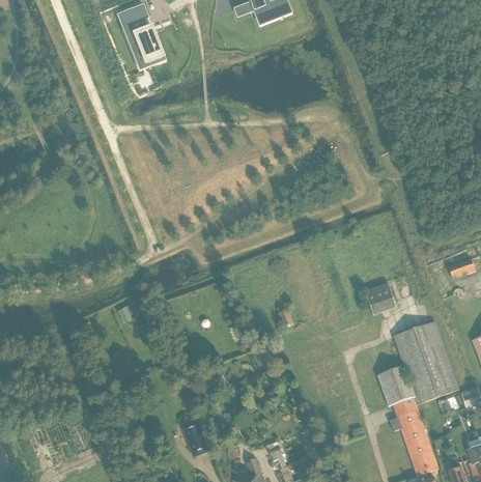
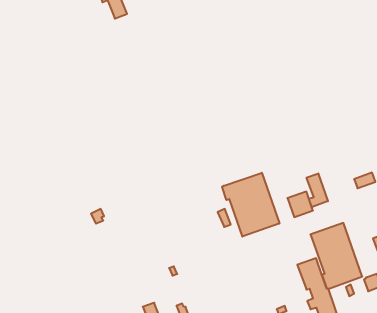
building: none -> [222,173,279,237]
building: none -> [307,173,328,207]

